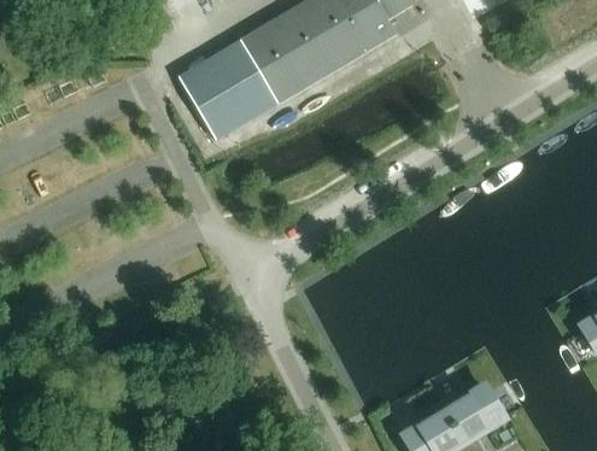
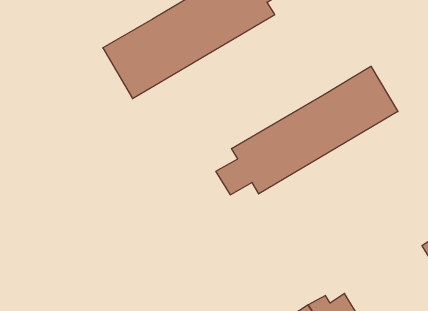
building: none -> [216,66,398,195]

